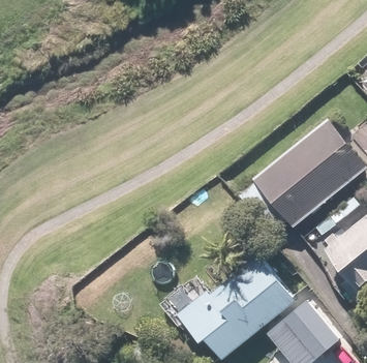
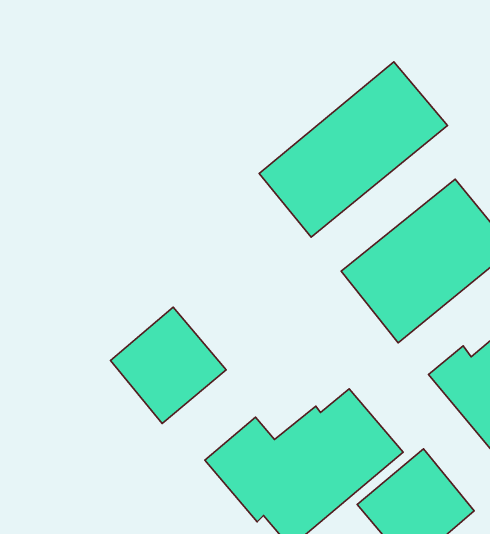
building: none -> [259,62,447,237]
building: none -> [111,307,226,423]

